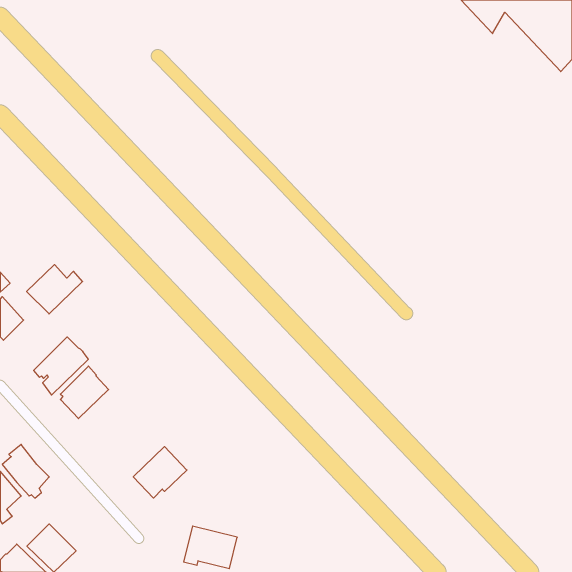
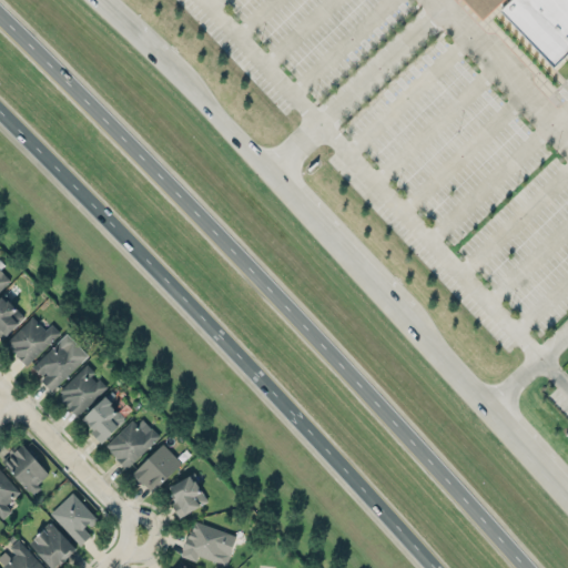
building: [27,265,83,314] -> [4,316,60,365]
building: none -> [80,396,125,442]
building: none -> [105,415,160,468]
building: none -> [166,475,205,515]
building: none -> [50,491,97,545]

